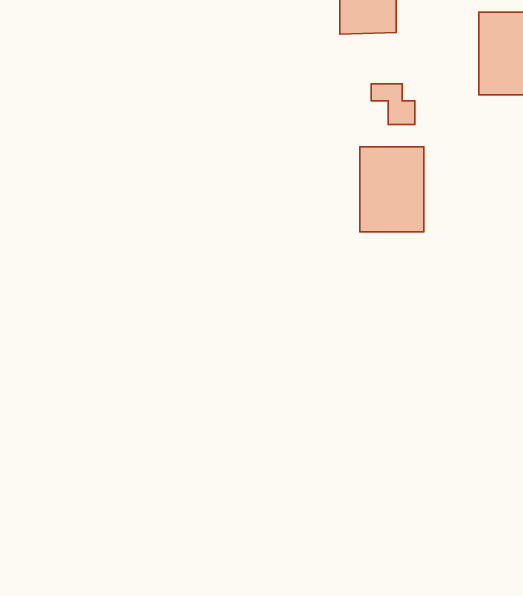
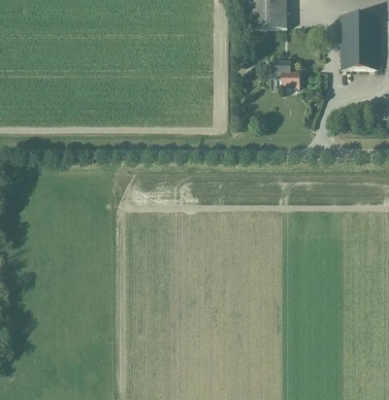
building: [360,147,424,232] -> none

